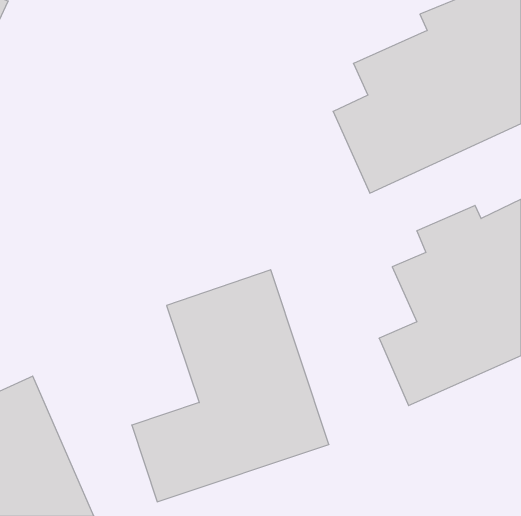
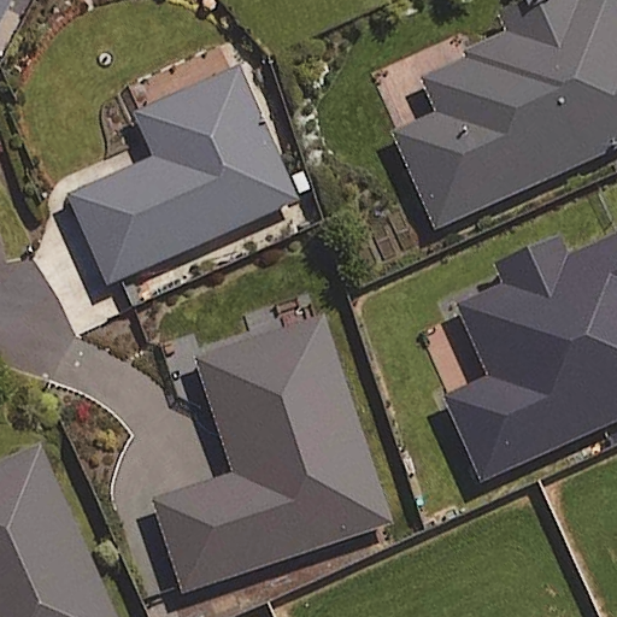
building: none -> [69,67,298,284]

